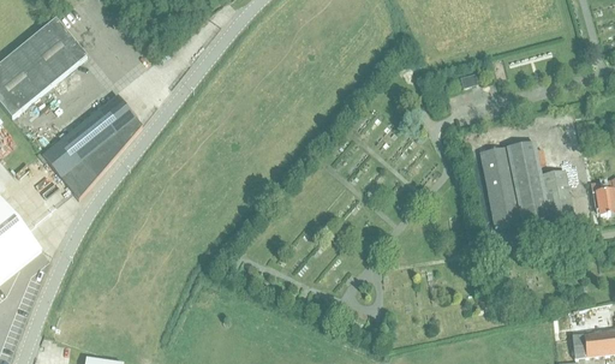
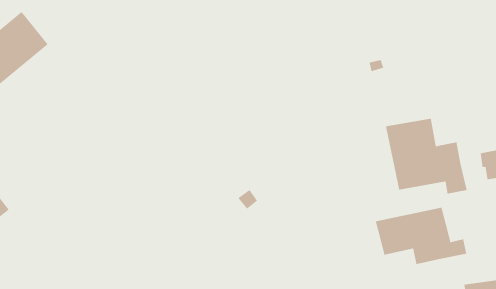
building: [42,94,142,198] -> none
building: none -> [375,207,467,265]

